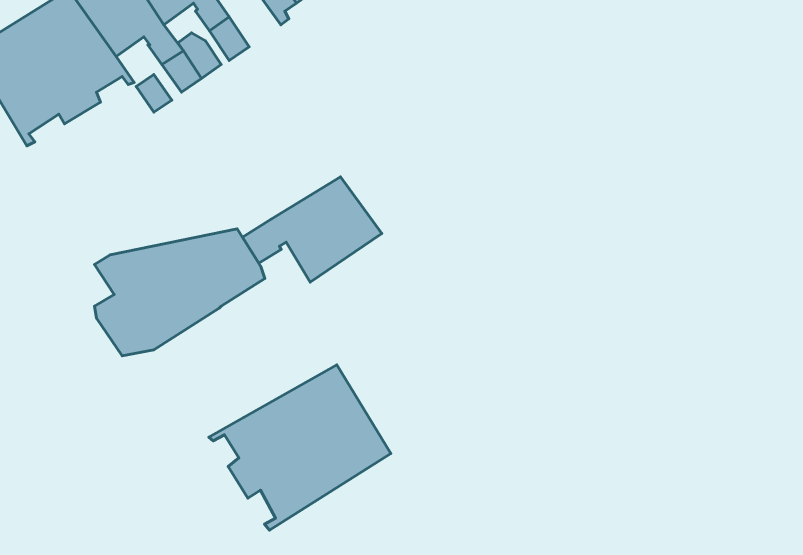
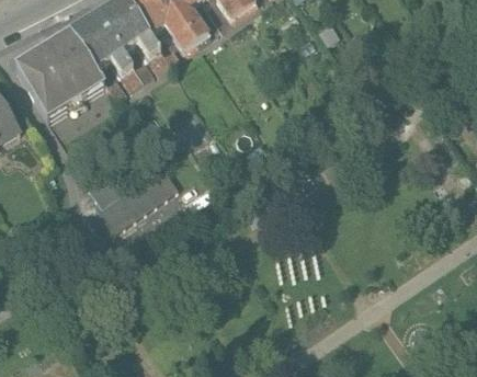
building: [243,177,382,282] -> none
building: [209,365,391,530] -> none

